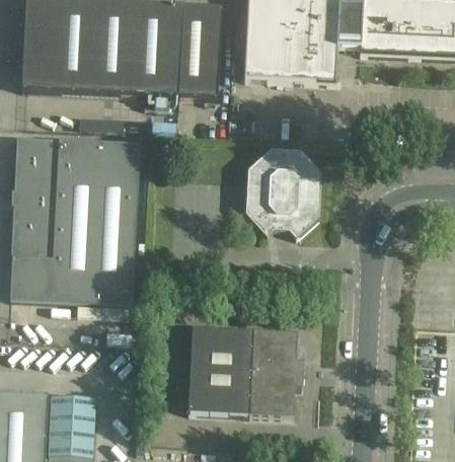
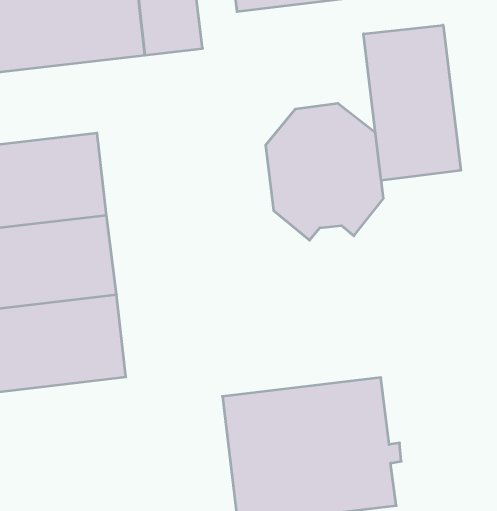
building: none -> [364,25,461,180]

